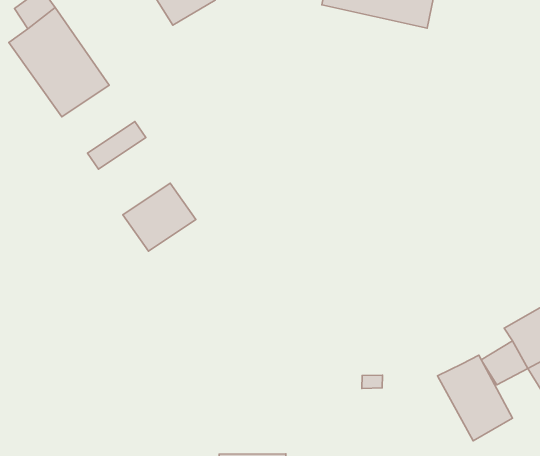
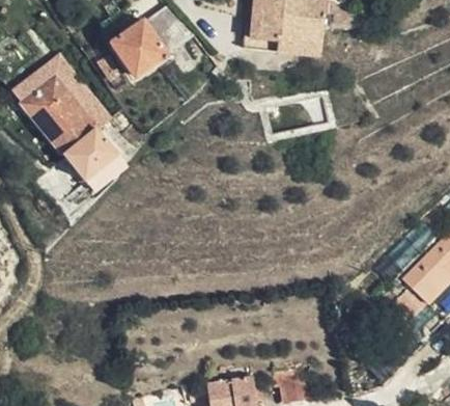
building: [123,183,196,251] -> [64,125,117,175]
building: [437,355,513,441] -> none

